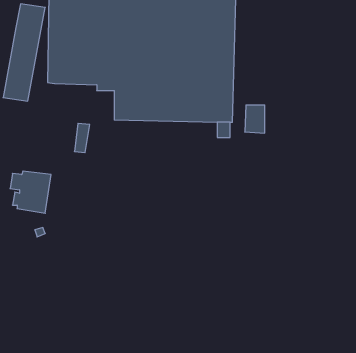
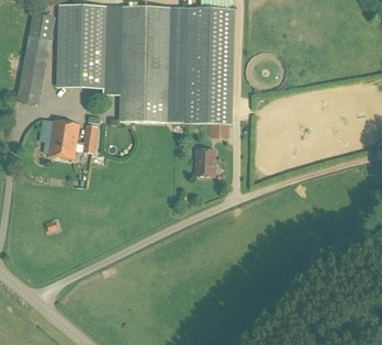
building: [245,105,265,133] -> [194,148,213,175]
building: [10,171,51,213] -> [41,120,79,159]

